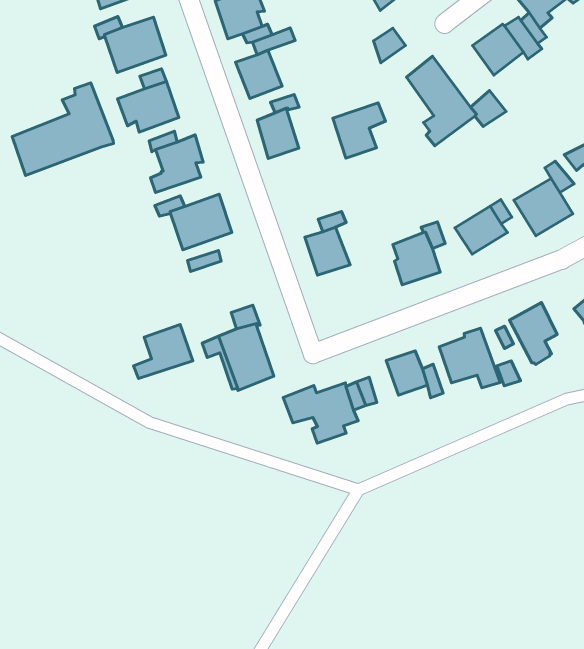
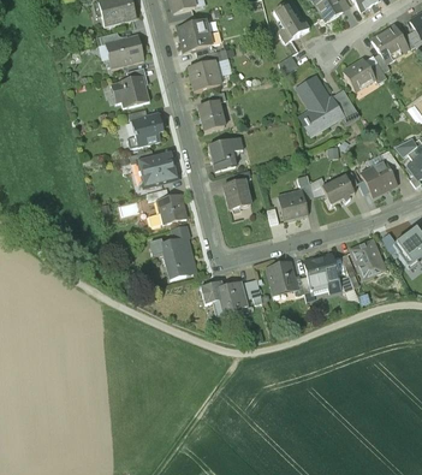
building: [12,83,113,176] -> none
building: [333,103,385,158] -> [208,137,242,171]
building: [134,325,193,379] -> [148,194,186,226]

